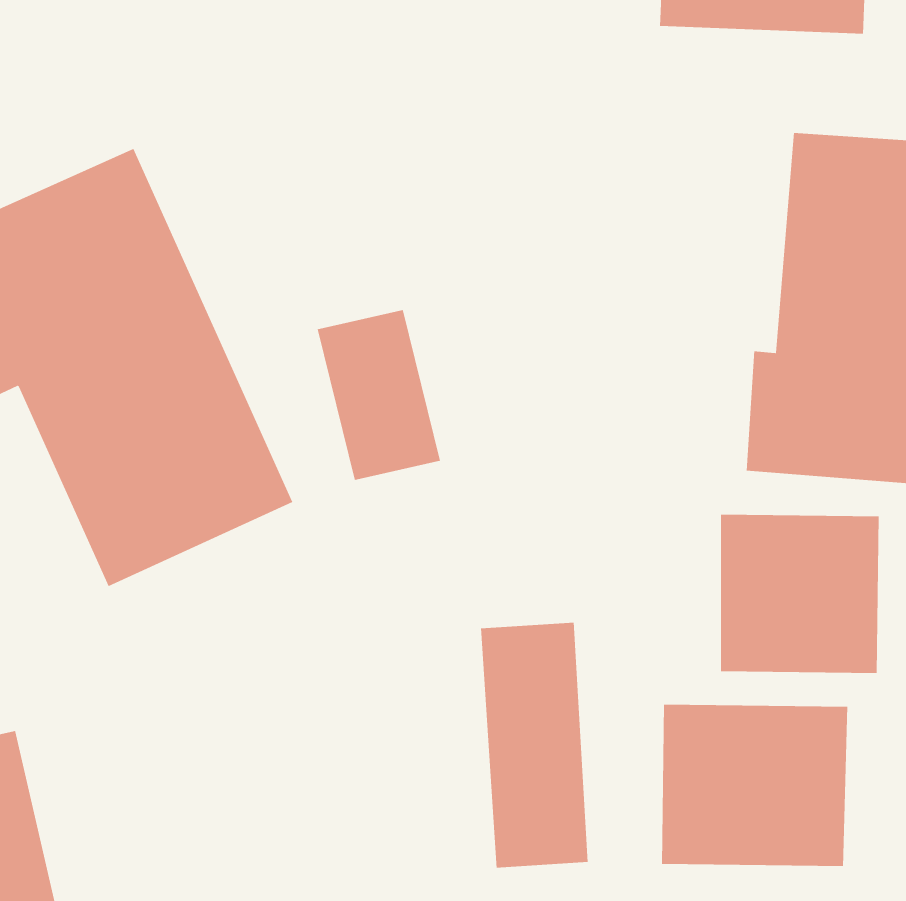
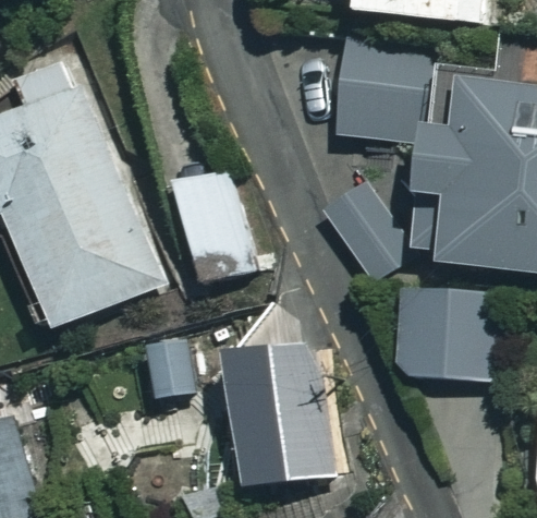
building: none -> [333,44,418,142]
building: [662,704,848,867] -> none

